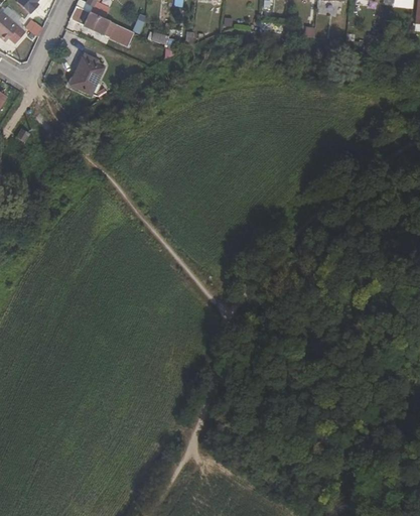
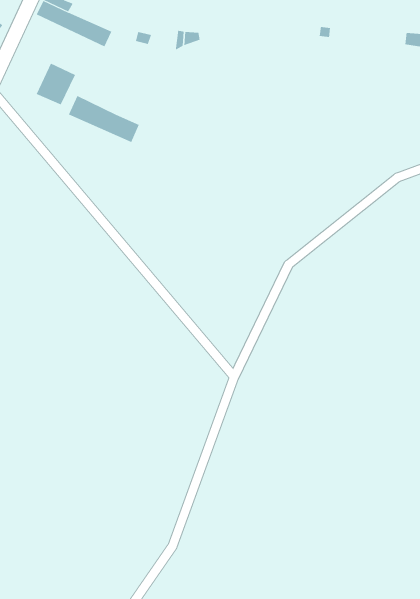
building: none -> [68,95,139,143]

